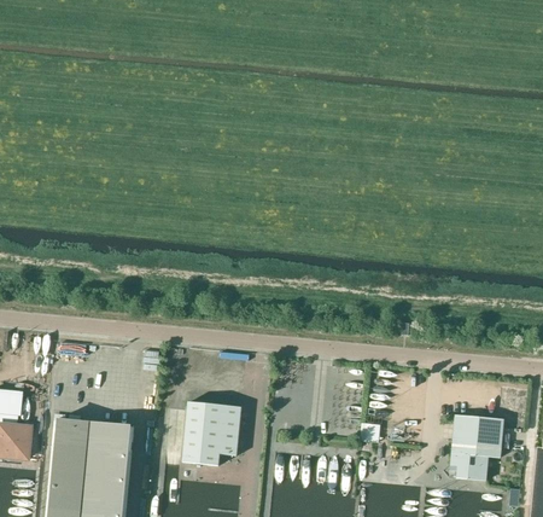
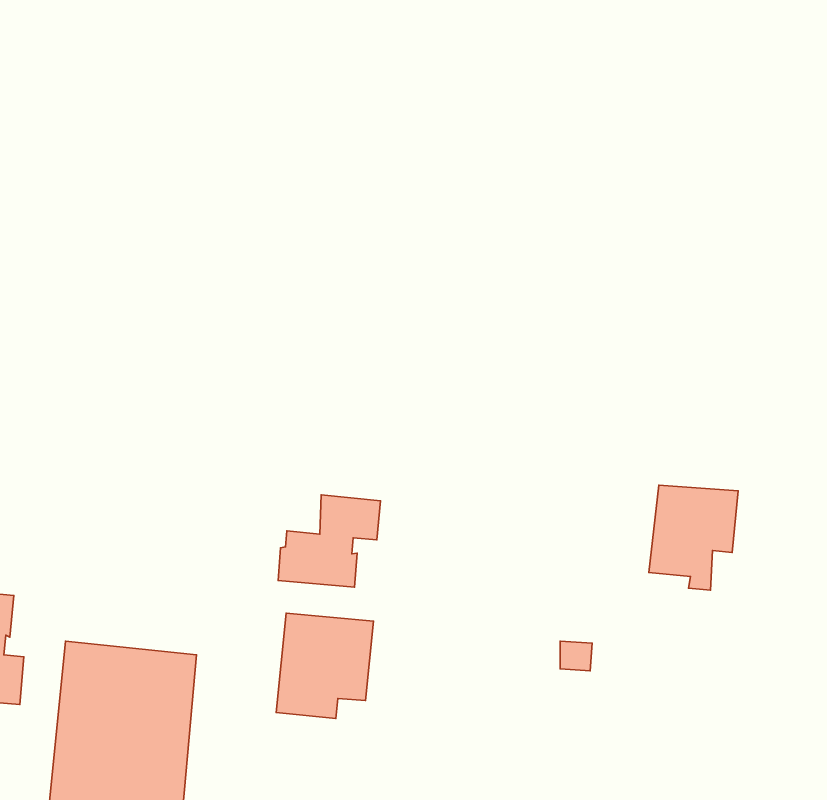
building: none -> [278,495,381,587]
building: [450,417,504,481] -> [649,485,738,590]

